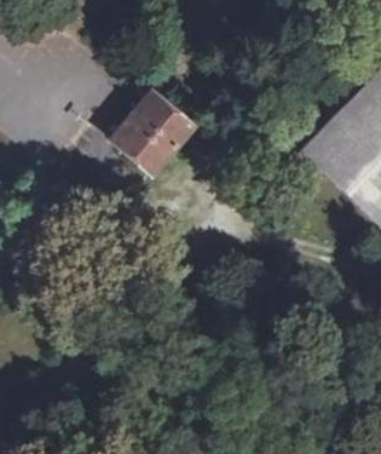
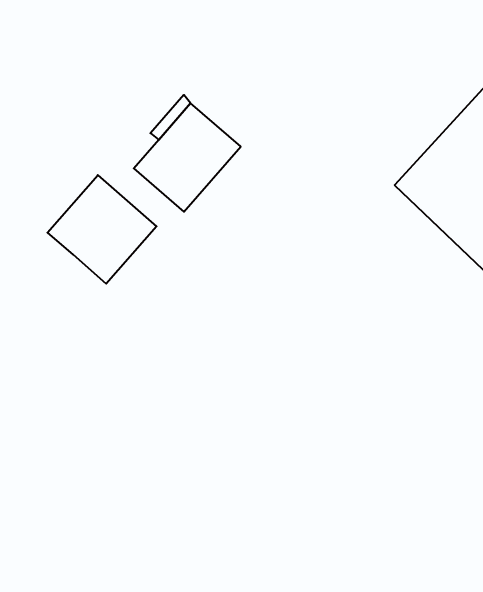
building: none -> [47,175,157,284]

